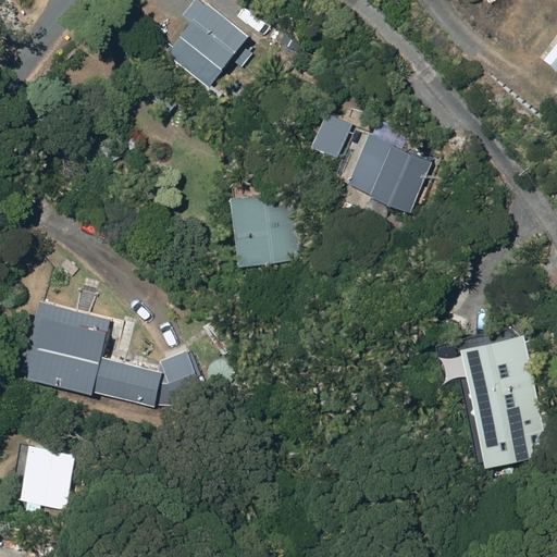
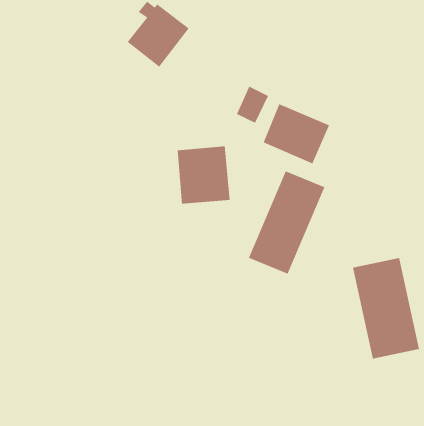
building: none -> [248,170,325,275]
building: [21,302,202,407] -> none
building: [17,449,73,510] -> none

